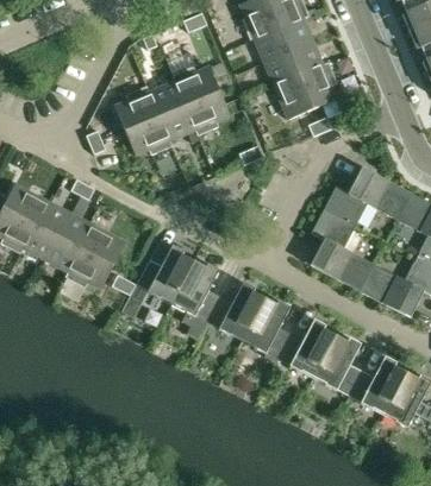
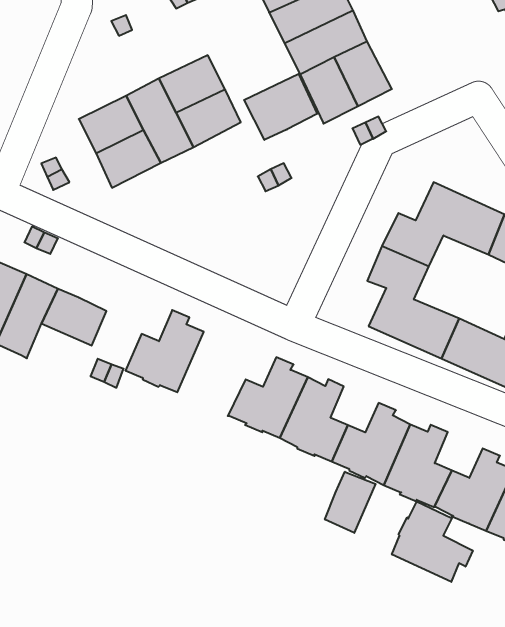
building: none -> [244,74,317,140]
building: [65,247,113,289] -> none
building: [171,260,220,321] -> none
building: none -> [325,472,376,533]
building: none -> [392,501,473,582]

